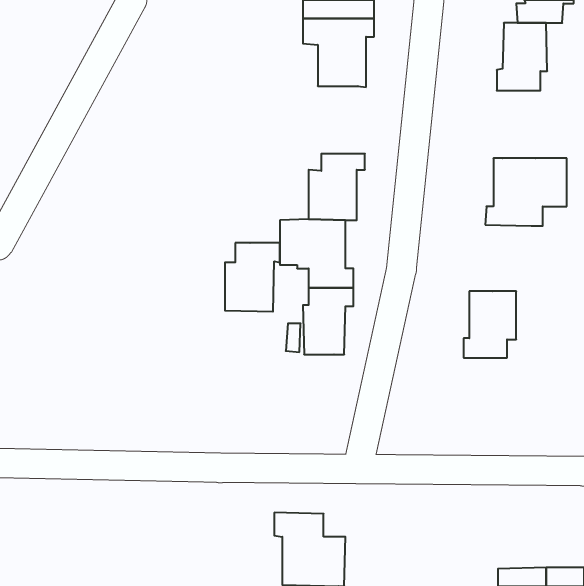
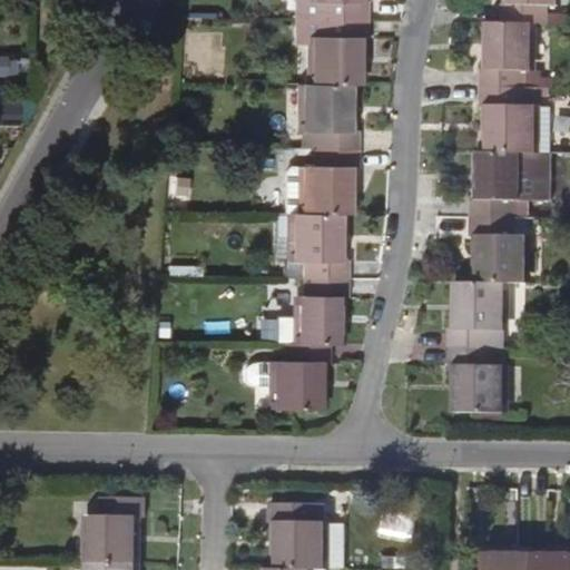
building: none -> [301,83,354,149]
building: none -> [481,88,551,154]
building: none -> [471,218,524,284]
building: [225,243,280,312] -> [271,344,324,411]
building: none -> [450,347,501,413]
building: none -> [89,498,141,563]

